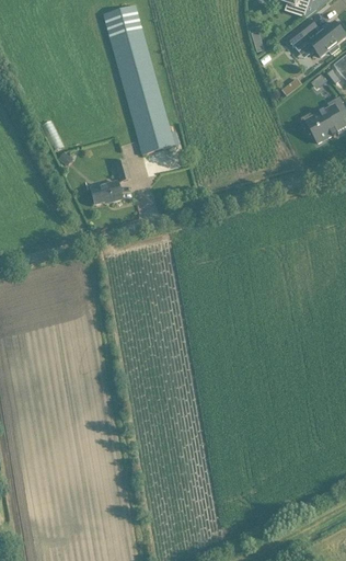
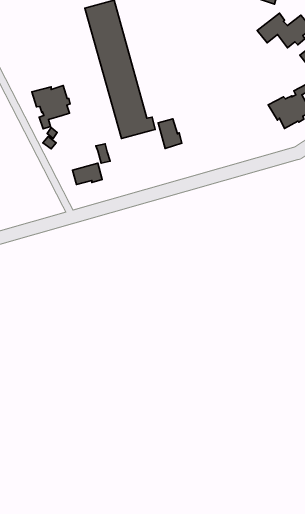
building: none -> [32,86,70,129]
building: none -> [158,119,182,148]

